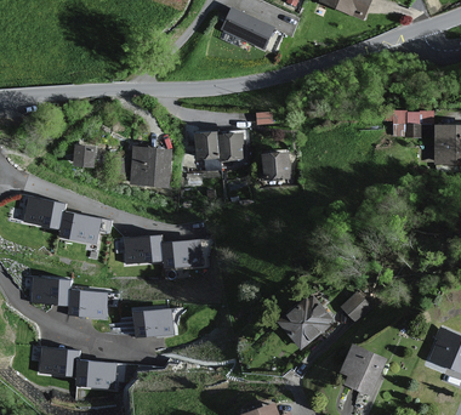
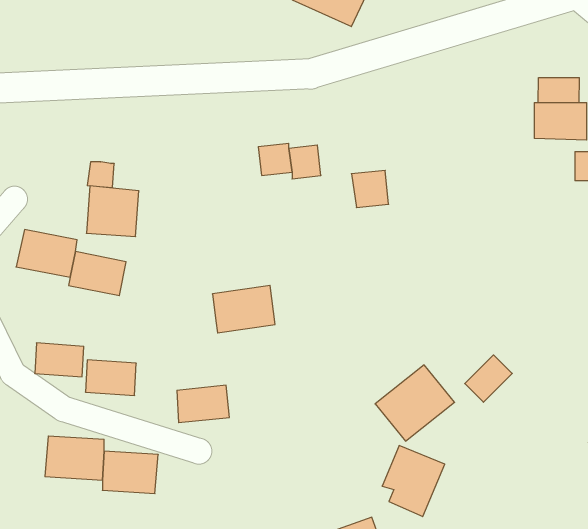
building: none -> [538,78,579,103]
building: [130,149,167,186] -> [86,186,139,237]
building: [123,234,164,267] -> none
building: [342,343,387,394] -> [382,446,445,517]

